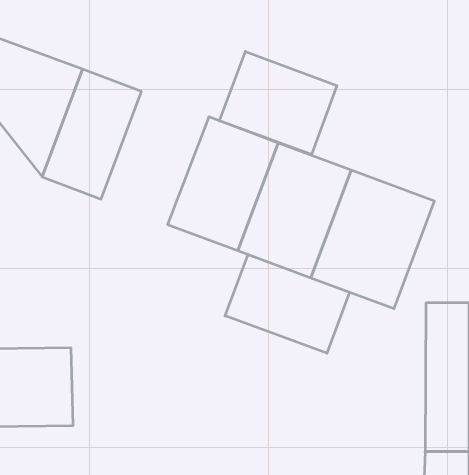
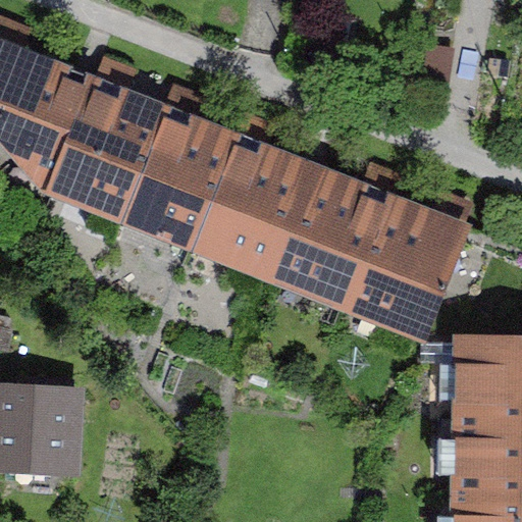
building: [219,51,337,154] -> none
building: none -> [110,103,227,248]
building: [225,254,349,353] -> none

